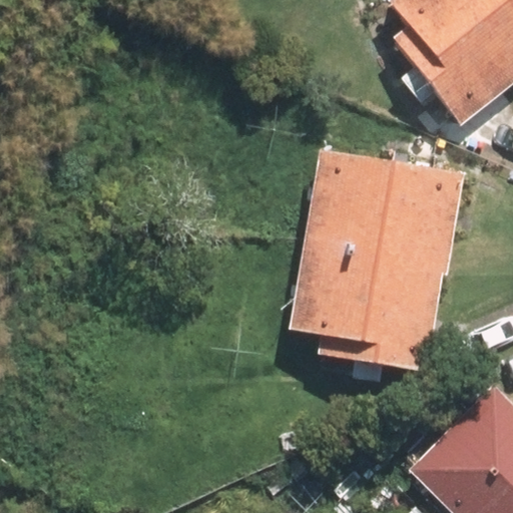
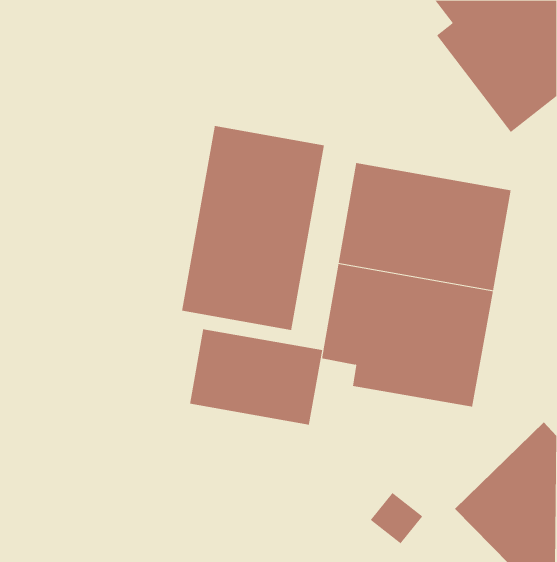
building: none -> [181,125,325,331]
building: none -> [189,328,323,425]

